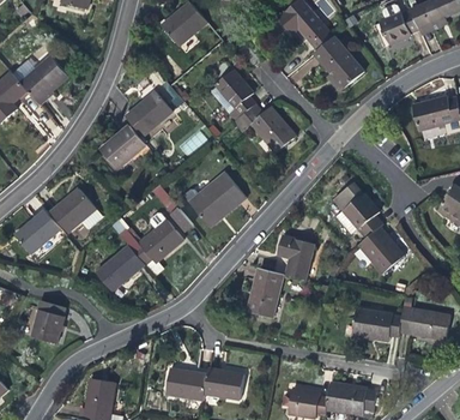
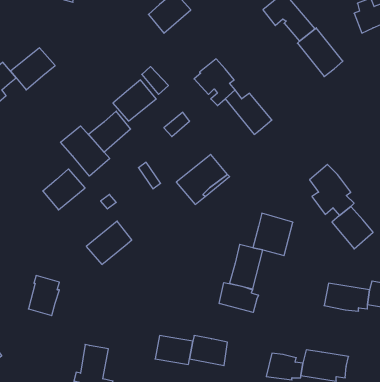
building: none -> [61,126,110,176]
building: [13,211,59,253] -> none
building: [121,220,183,265] -> none
building: none -> [219,283,258,312]

